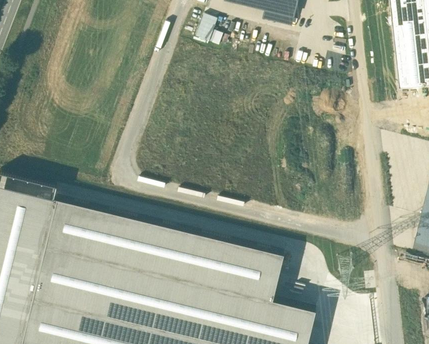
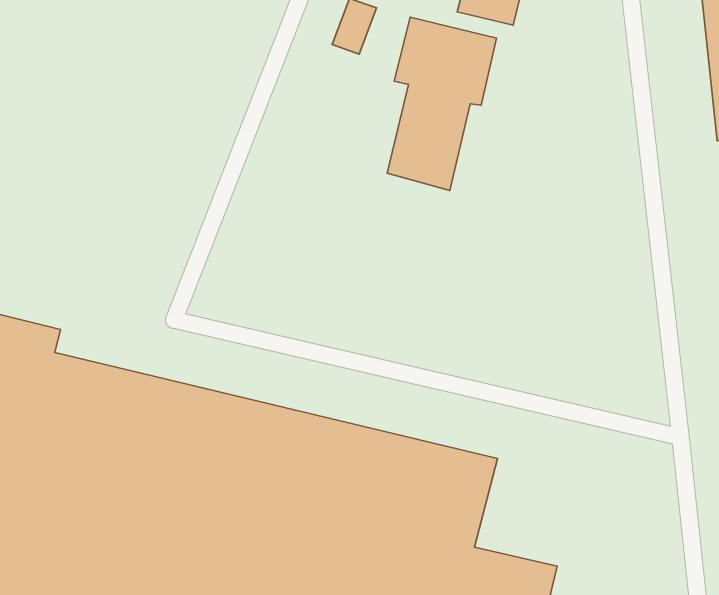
building: none -> [387,17,496,190]

